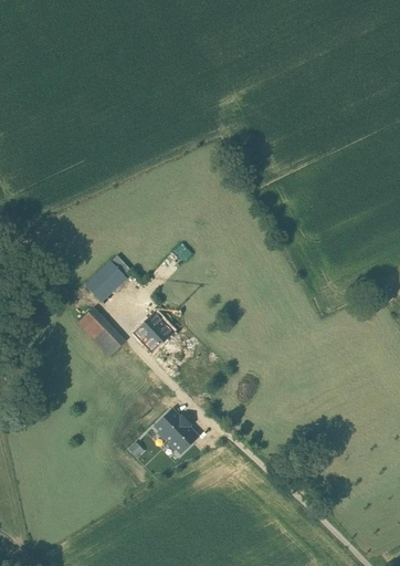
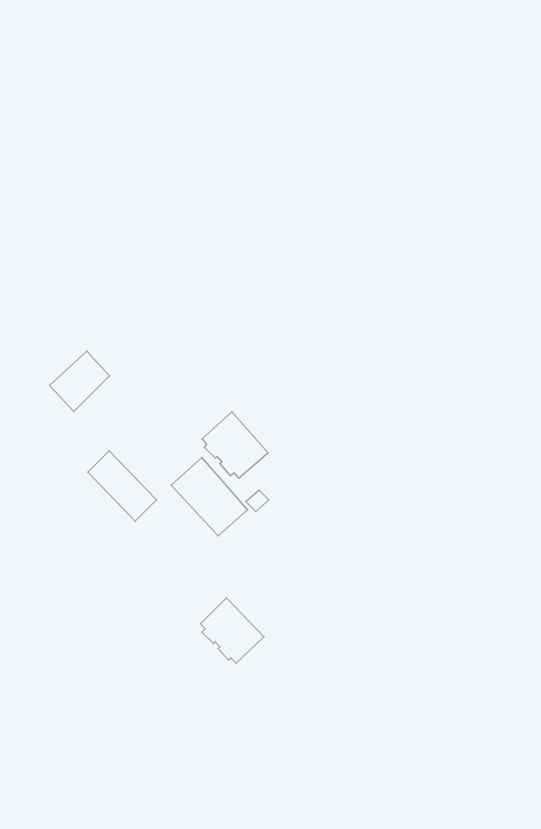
building: [85,261,126,302] -> [49,351,110,412]
building: none -> [202,412,268,478]

